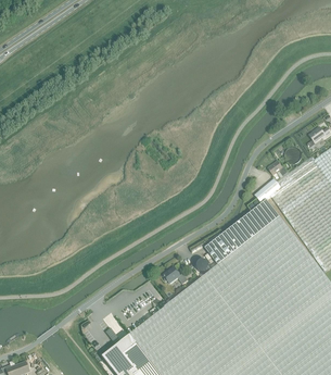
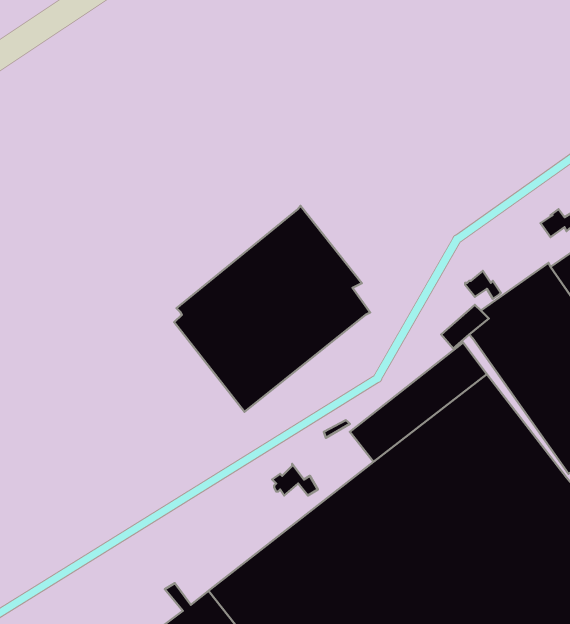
building: none -> [174,206,370,412]

